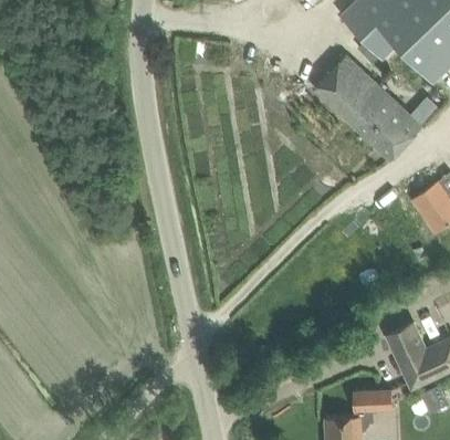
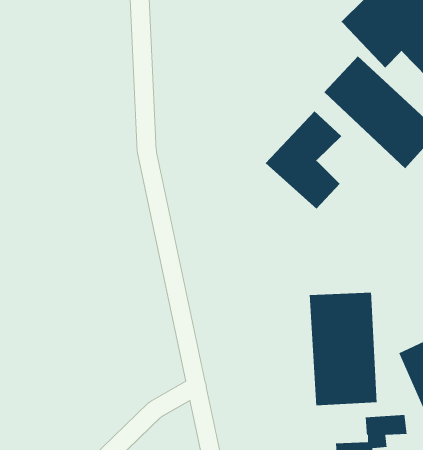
building: none -> [265,110,342,210]
building: none -> [309,292,378,406]

